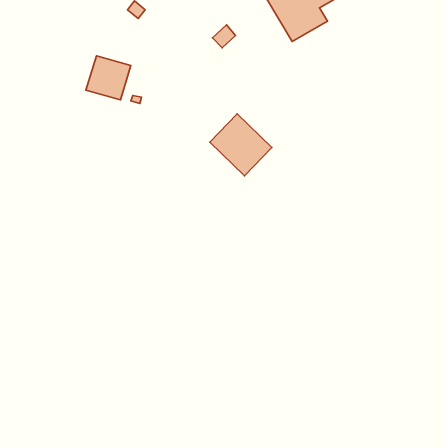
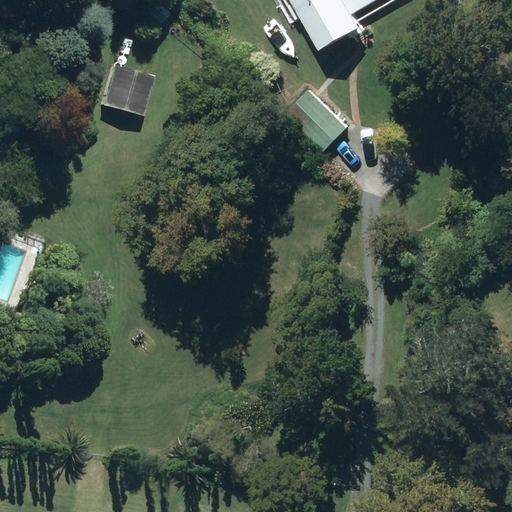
building: [210,114,272,176] -> [278,87,348,157]

